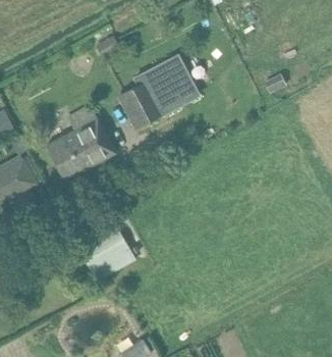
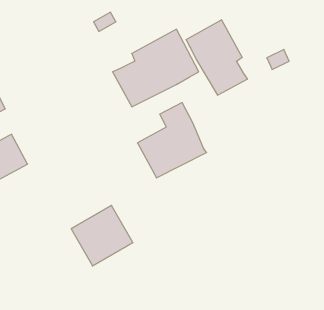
building: none -> [186,20,247,95]
building: [47,106,113,178] -> [137,103,207,178]

